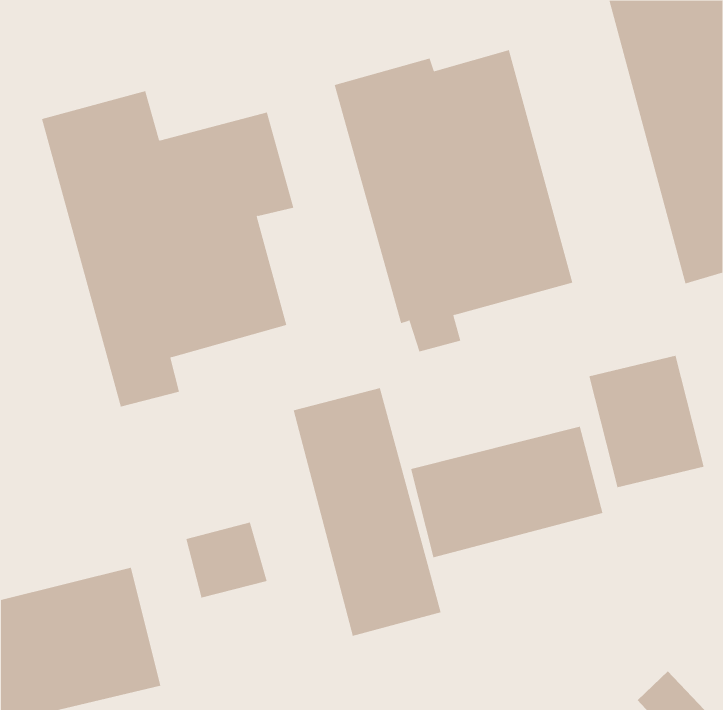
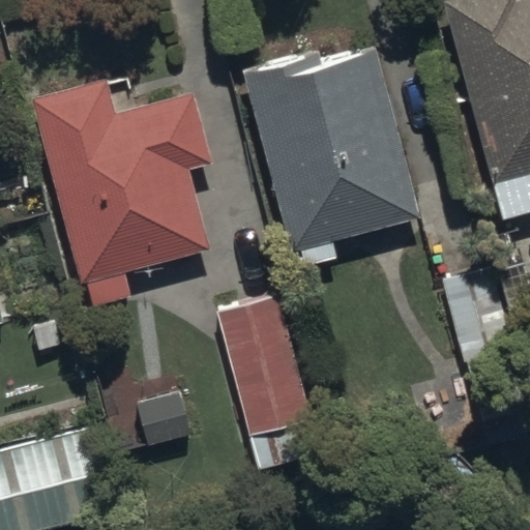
building: [411,426,603,558] -> none

